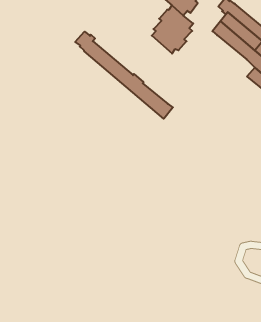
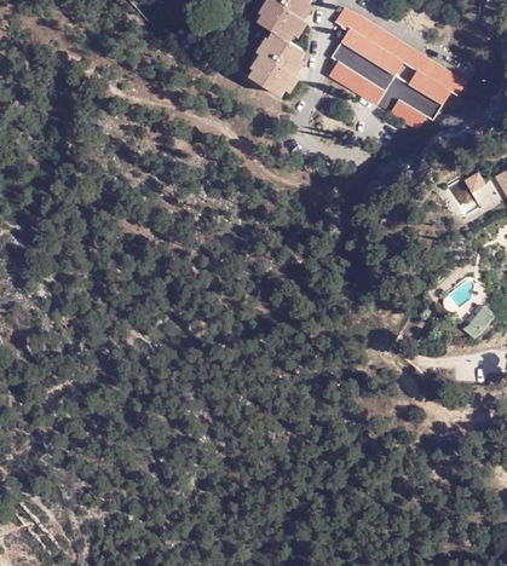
building: [75,32,173,119] -> none
building: none -> [327,64,384,109]

